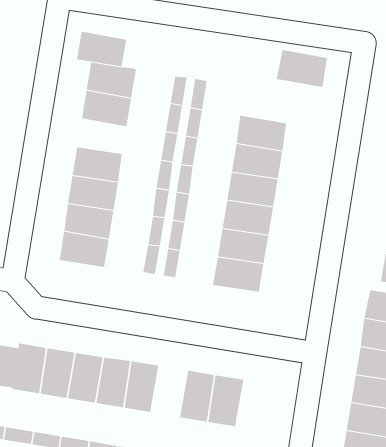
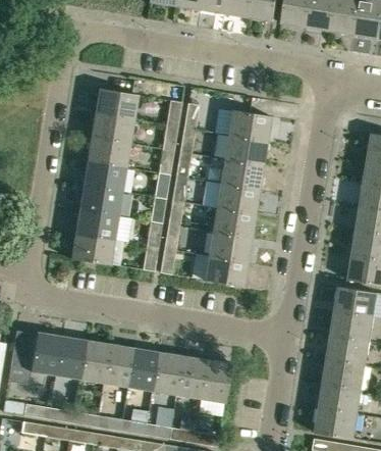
building: [76,31,127,67] -> [86,138,129,168]
building: [276,50,328,87] -> [226,109,271,142]
building: none -> [150,351,181,396]

